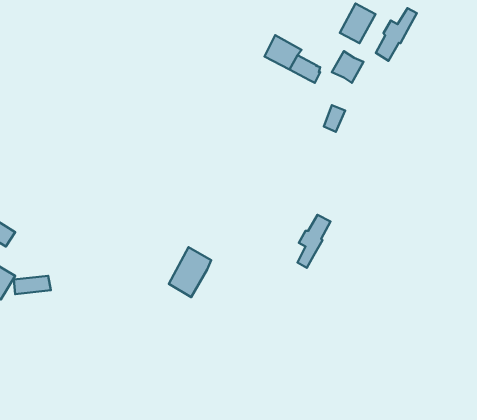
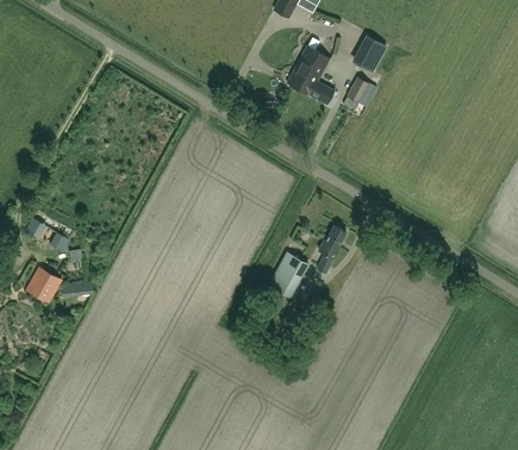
building: [376,8,417,61] -> none
building: none -> [297,45,330,76]
building: [169,247,211,297] -> [269,251,307,296]

